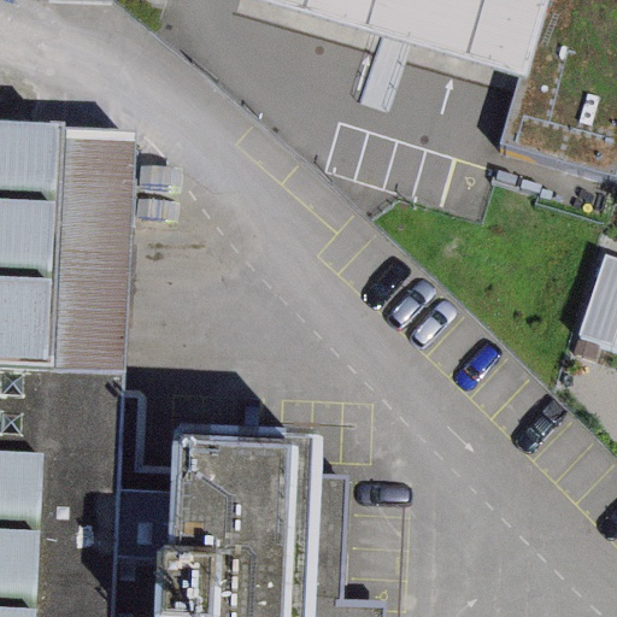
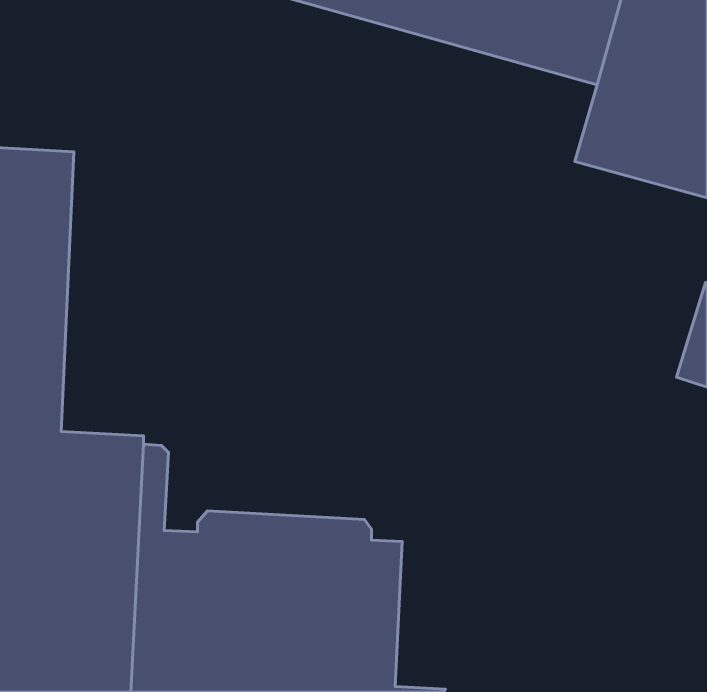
building: [53,131,136,377] -> none

